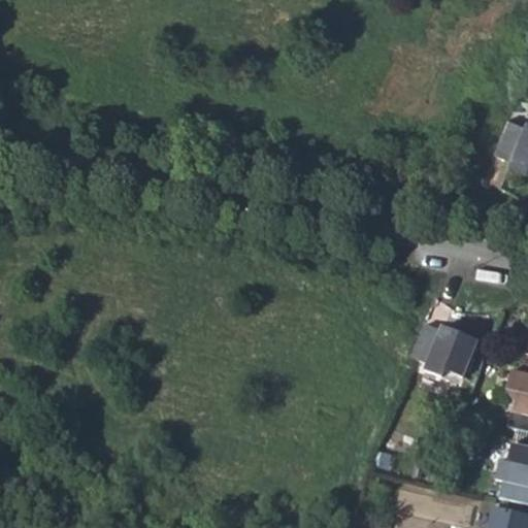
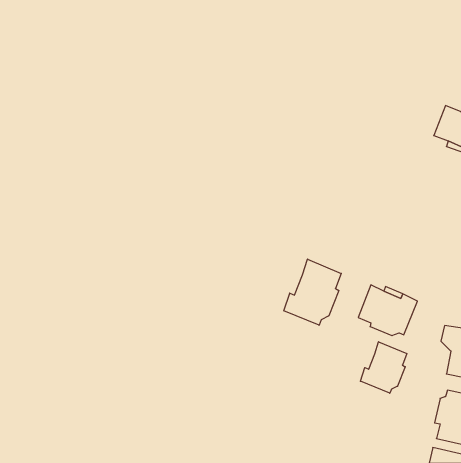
building: none -> [284,259,341,325]
building: none -> [360,342,407,393]

